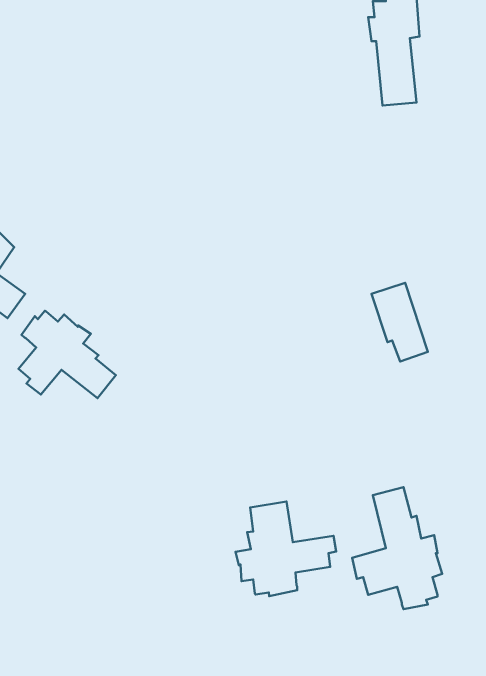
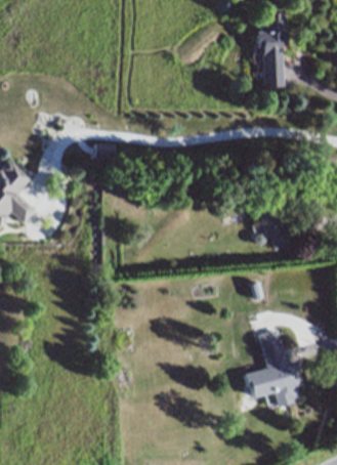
building: [19,311,116,398] -> none
building: [235,501,336,596] -> none

